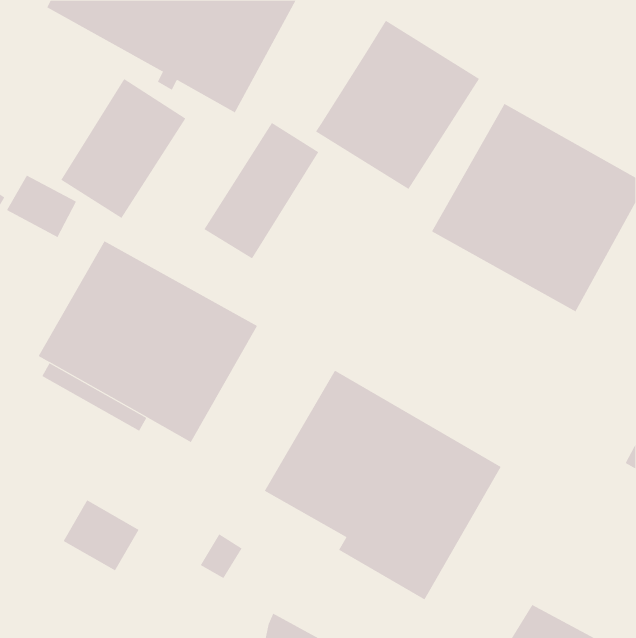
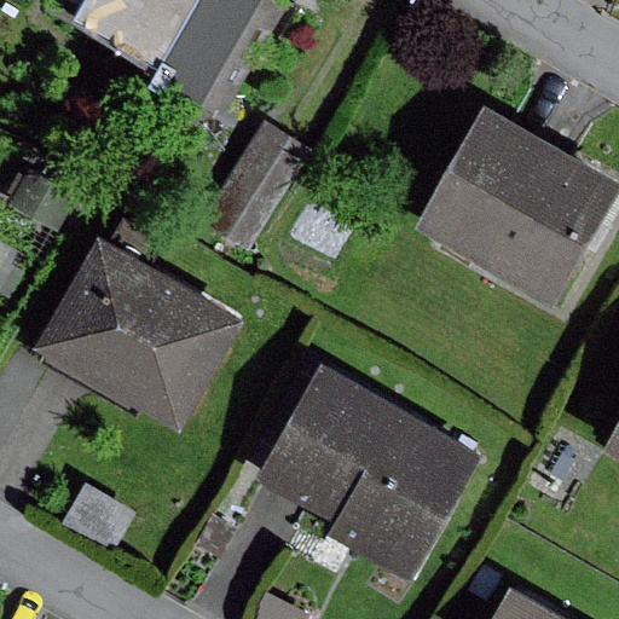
building: [315,20,480,190] -> none
building: [60,78,186,219] -> none

